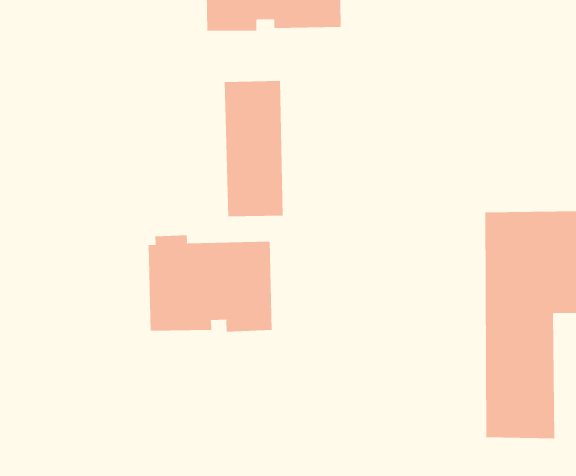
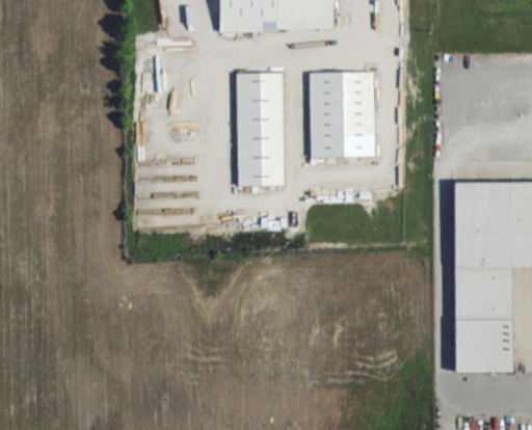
building: none -> [309,72,376,156]
building: [148,235,272,333] -> none

